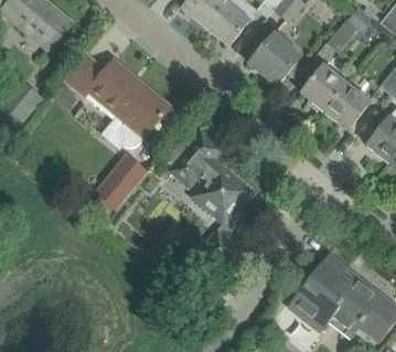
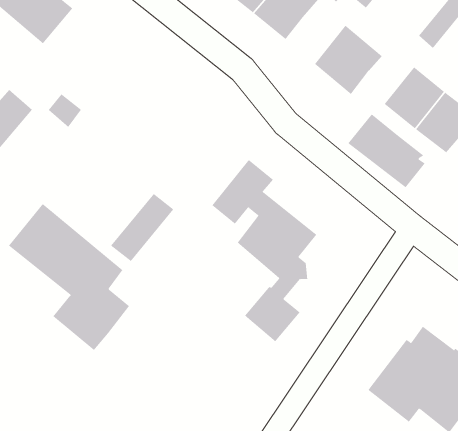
building: [63,53,171,138] -> none
building: none -> [347,113,426,188]
building: none -> [8,203,130,351]

